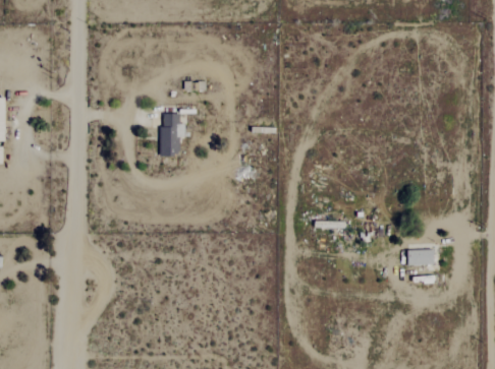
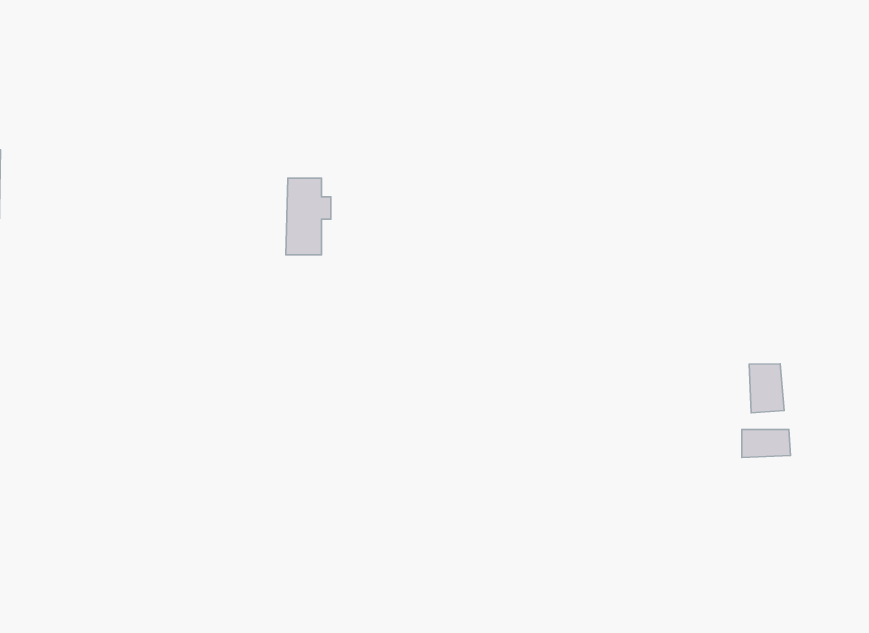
building: none -> [749,364,784,413]

